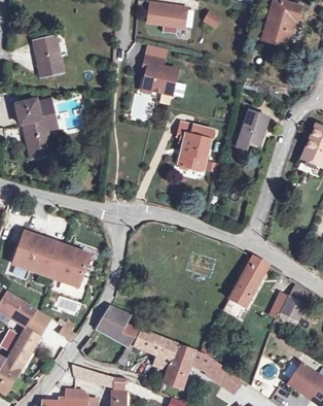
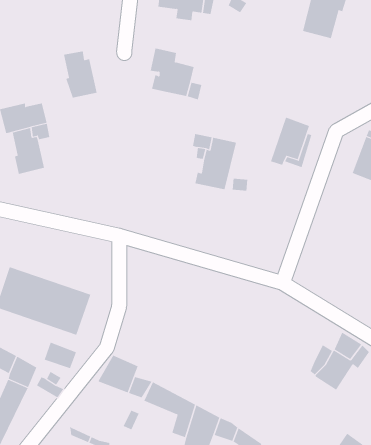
building: [36,37,64,75] -> [63,51,98,98]
building: [223,258,267,317] -> none

